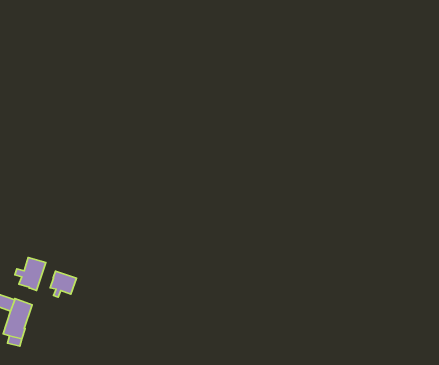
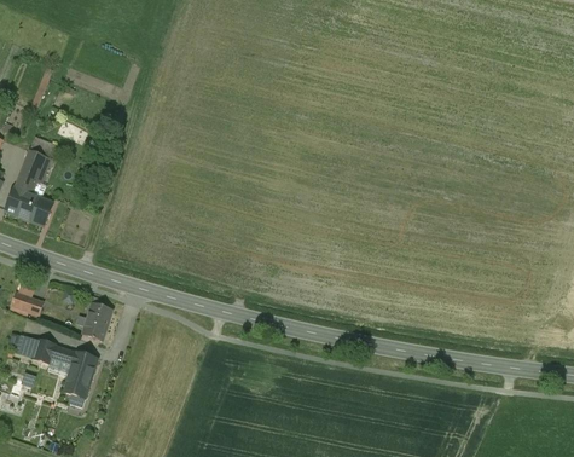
building: [50,271,77,297] -> none

